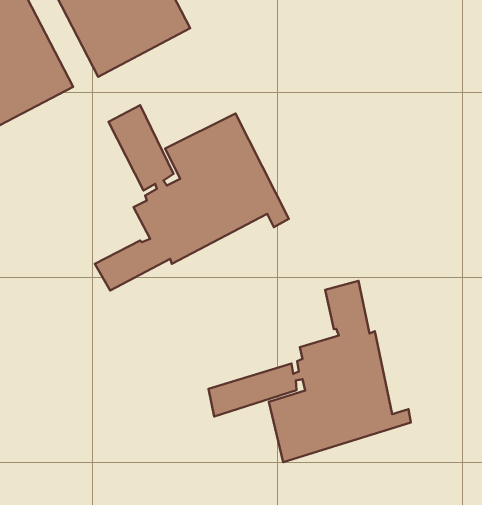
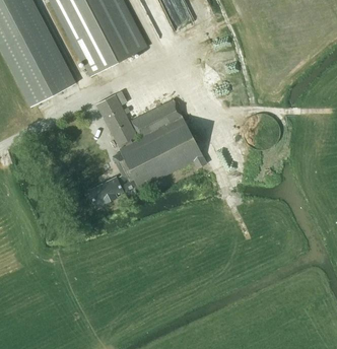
building: [208,281,411,462] -> none

